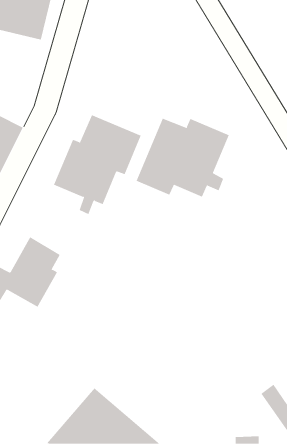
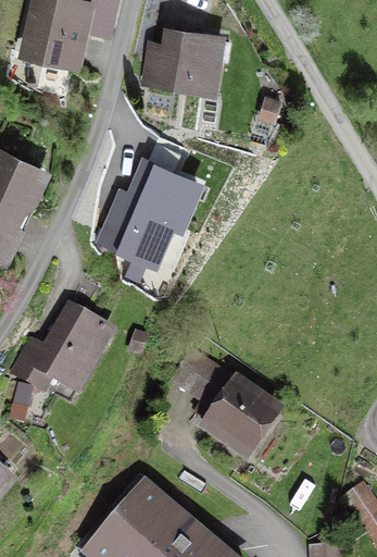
building: none -> [141,32,225,99]
building: [136,118,229,197] -> none
building: none -> [209,379,275,449]

